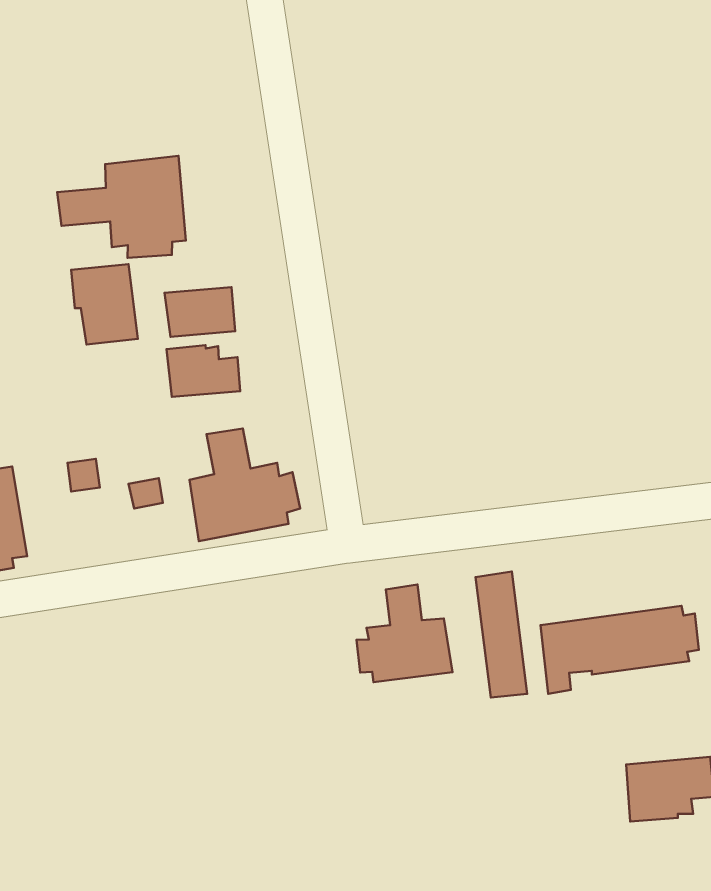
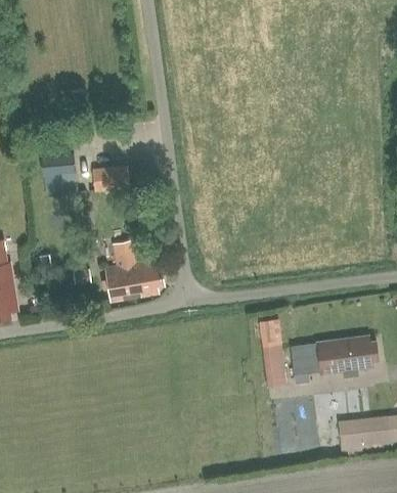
building: [57,156,186,258] -> none
building: [167,345,240,397] -> none
building: [357,585,453,682] -> none

